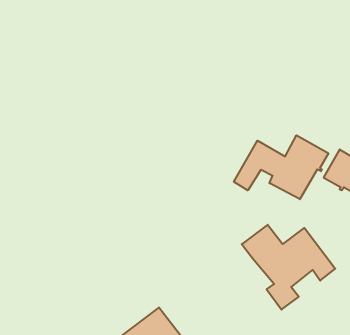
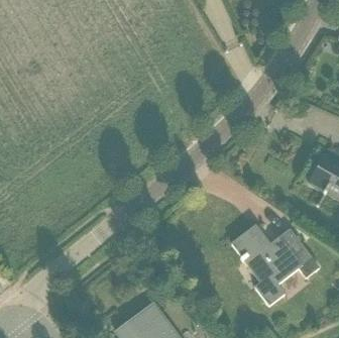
building: [234,135,328,199] -> none

